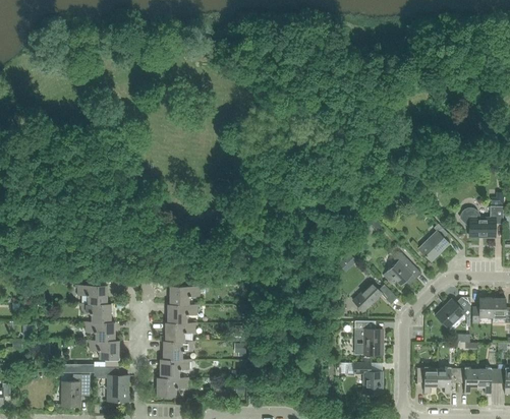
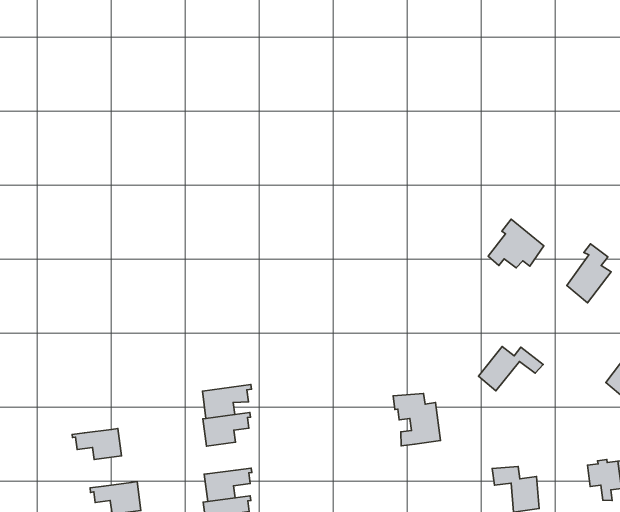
building: [383,252,420,285] -> [488,219,544,268]
building: [75,285,107,303] -> none
building: [354,320,382,354] -> [393,393,441,446]
building: [82,321,114,340] -> none
building: [165,322,196,341] -> none

